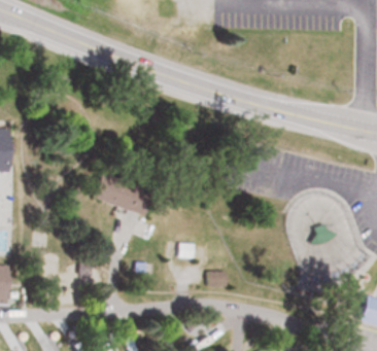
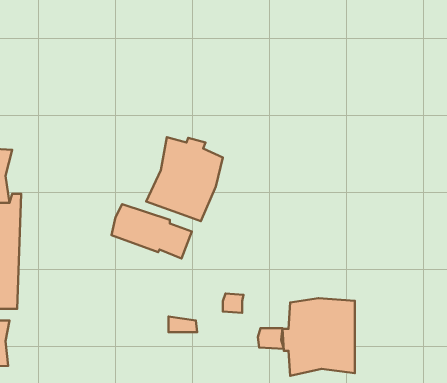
building: none -> [146,137,223,221]
building: none -> [282,298,355,376]

